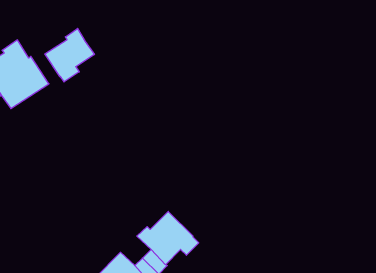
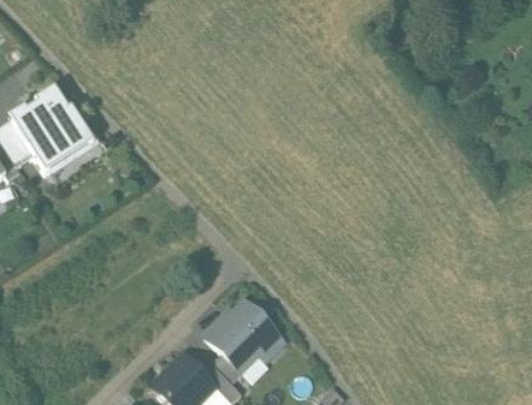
building: [45,28,94,82] -> none

